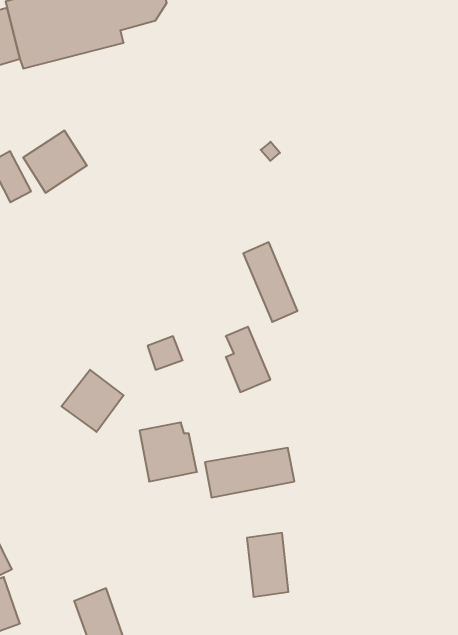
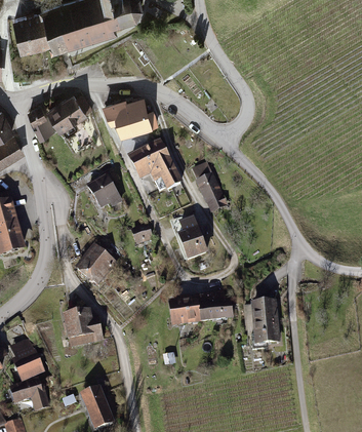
building: none -> [108,95,154,135]
building: none -> [128,140,183,190]
building: none -> [88,174,120,208]
building: [140,422,197,482] -> [66,309,103,347]
building: [247,533,288,597] -> [249,303,276,344]

